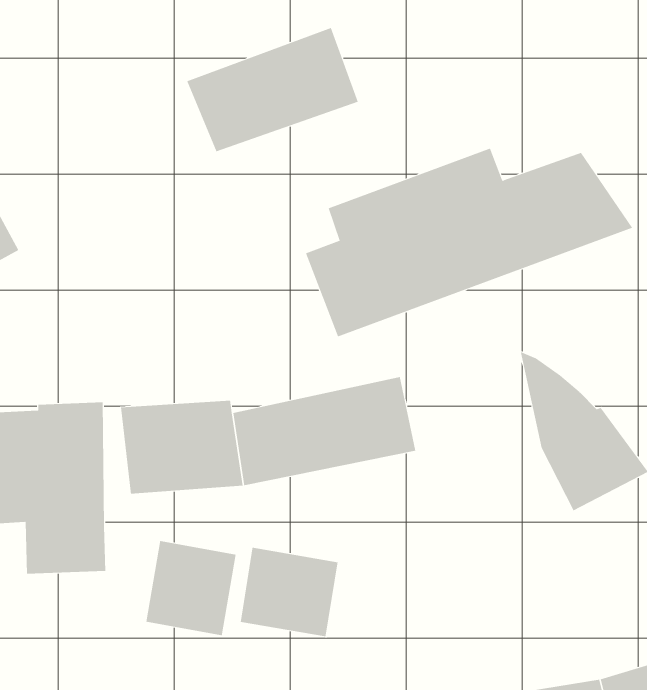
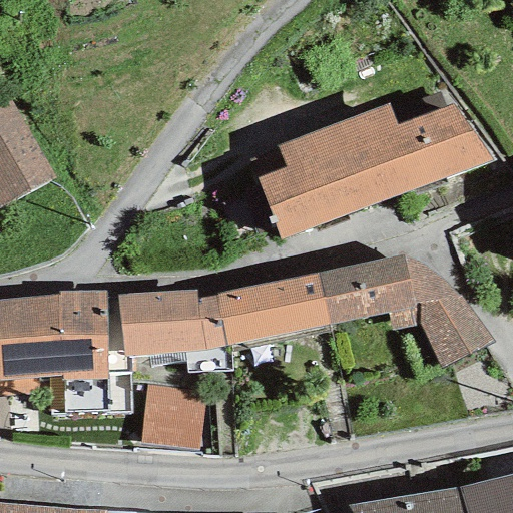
building: [186,27,358,152] -> none
building: none -> [319,252,419,328]
building: [240,547,338,637] -> none

